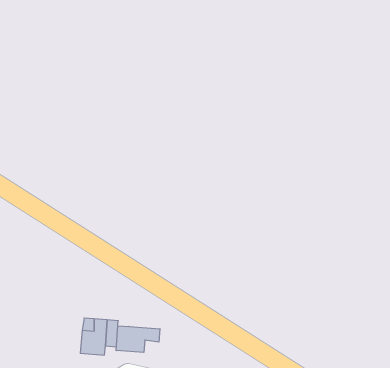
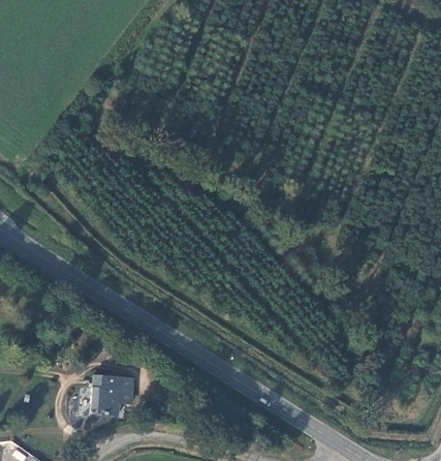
building: [116,326,160,352] -> none

